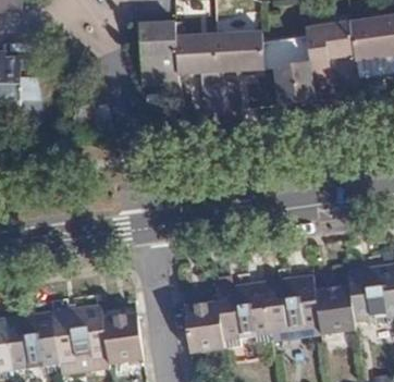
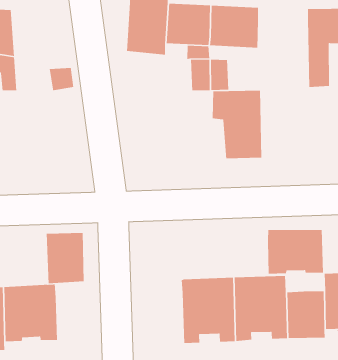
building: [263,37,316,104] -> [212,90,262,159]
building: none -> [267,229,324,274]
building: [184,301,224,353] -> none
building: [102,313,143,365] -> [46,232,84,284]

